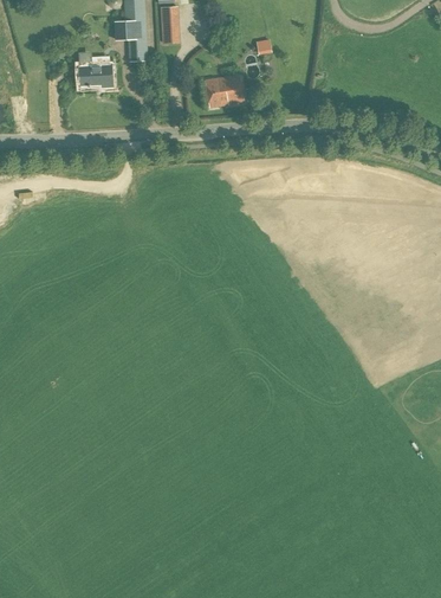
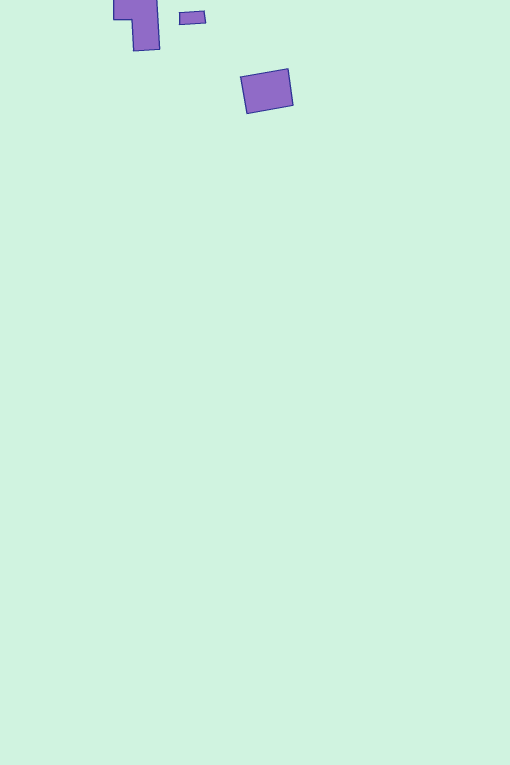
building: [78,51,110,86] -> none

